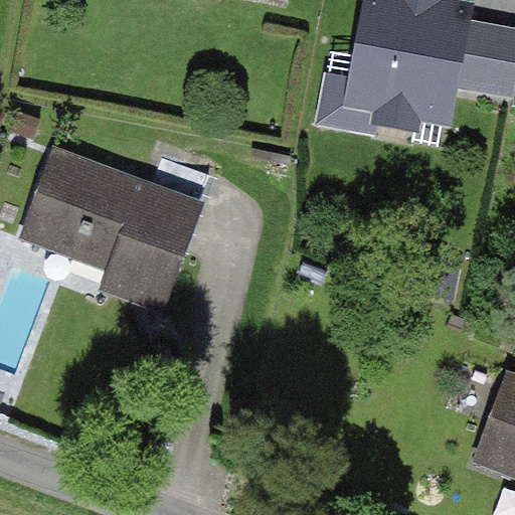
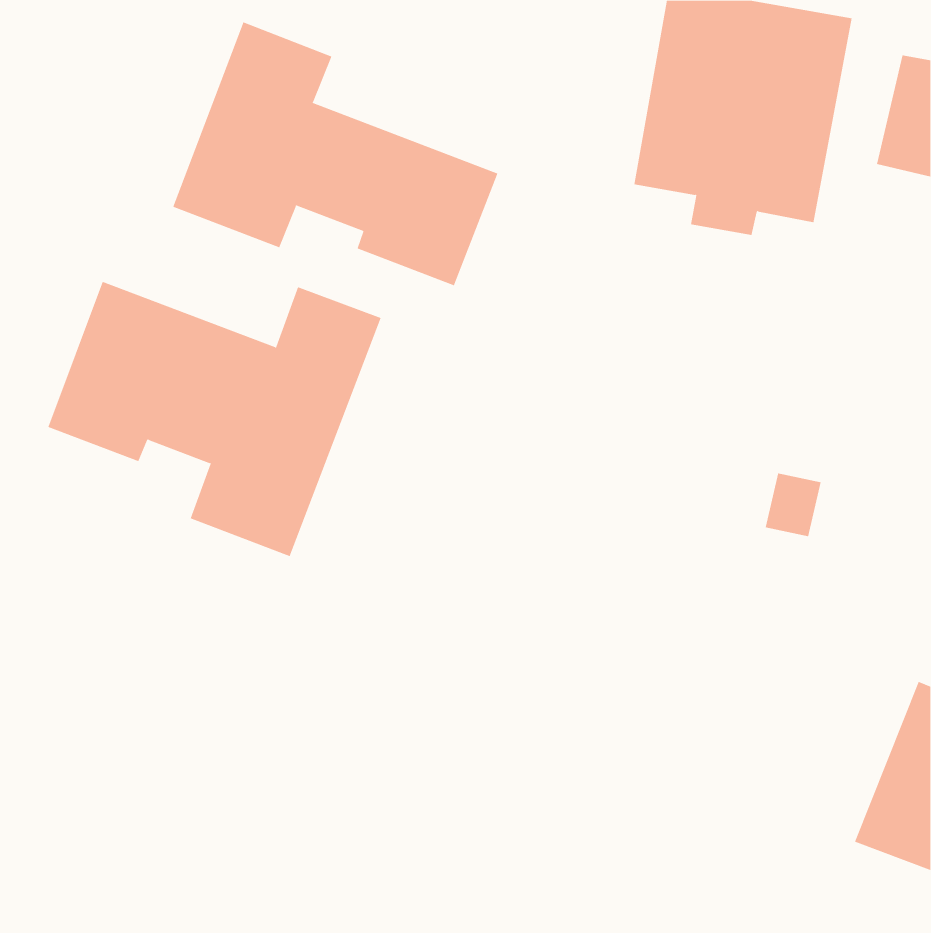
building: none -> [172,22,498,286]

